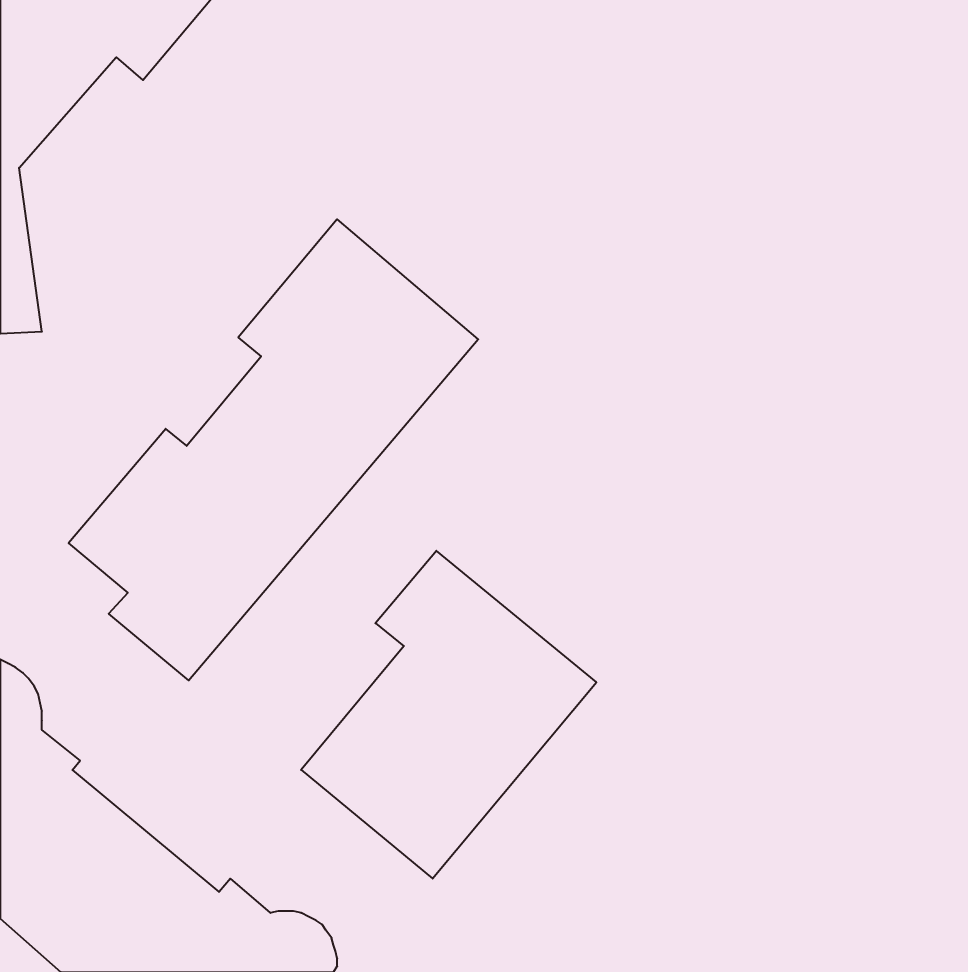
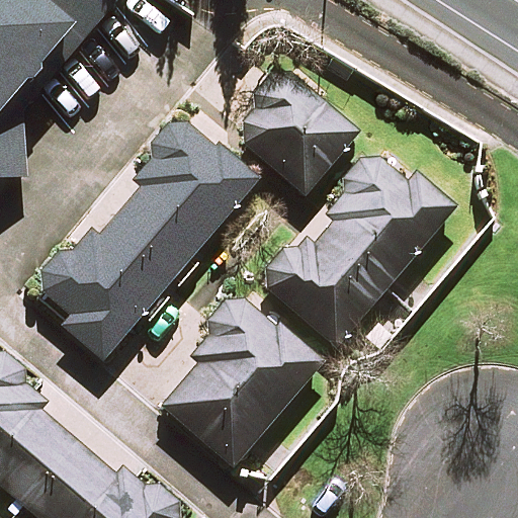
building: none -> [233,71,358,195]
building: none -> [263,147,452,346]

